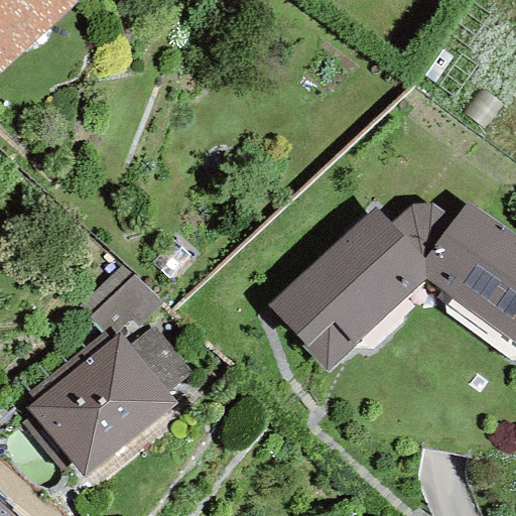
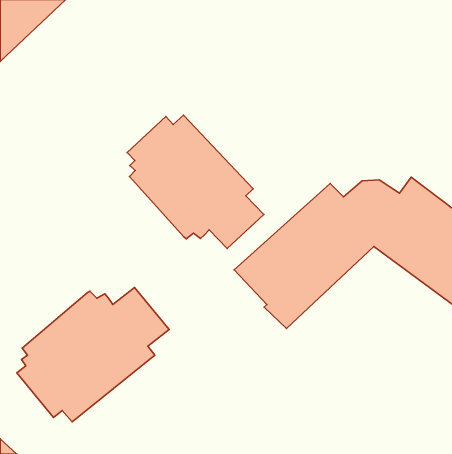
building: none -> [127,115,264,248]
building: [80,265,164,338] -> none

